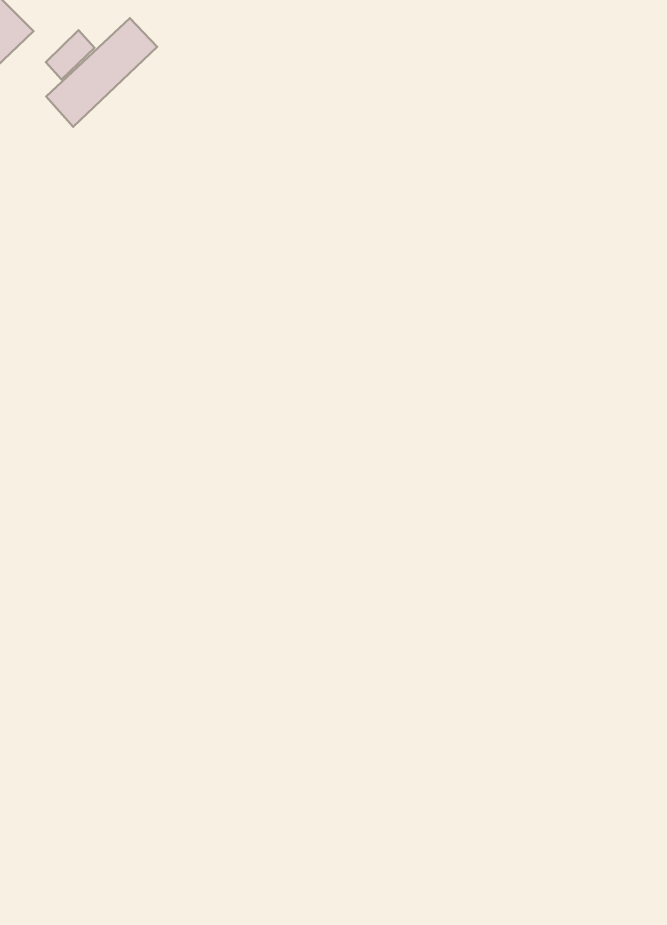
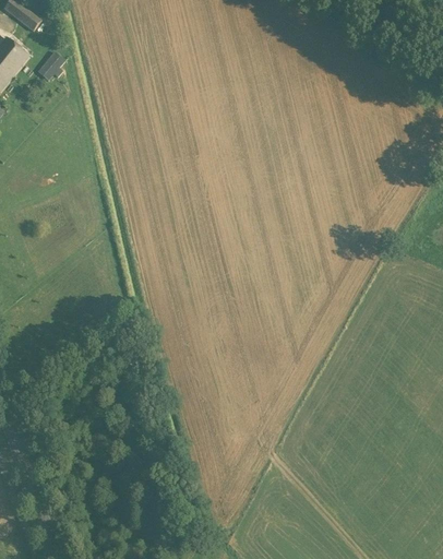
building: [46,18,157,127] -> none

